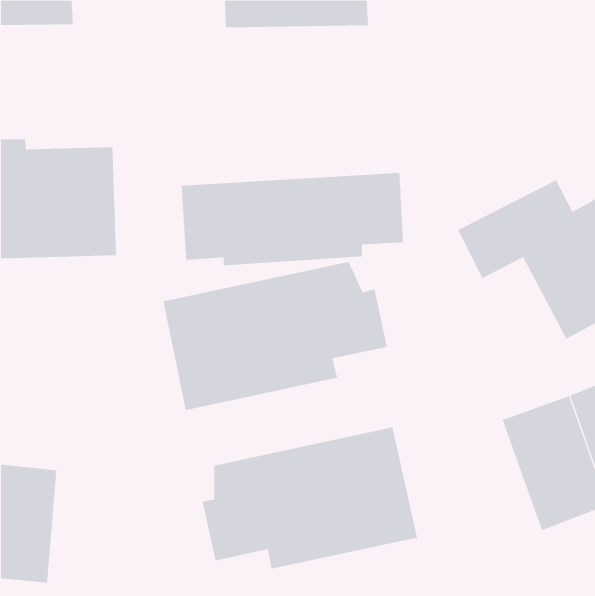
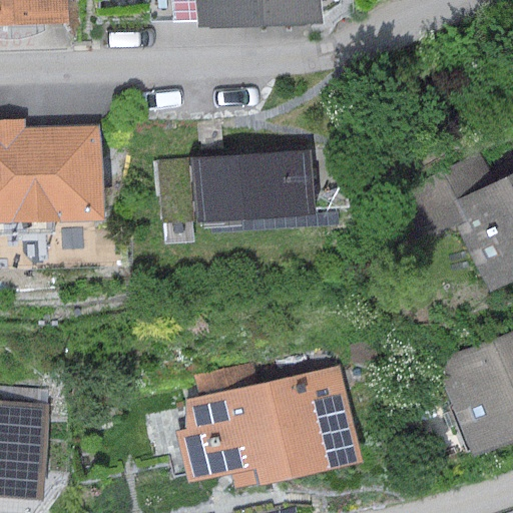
building: [163,261,388,411] -> none

